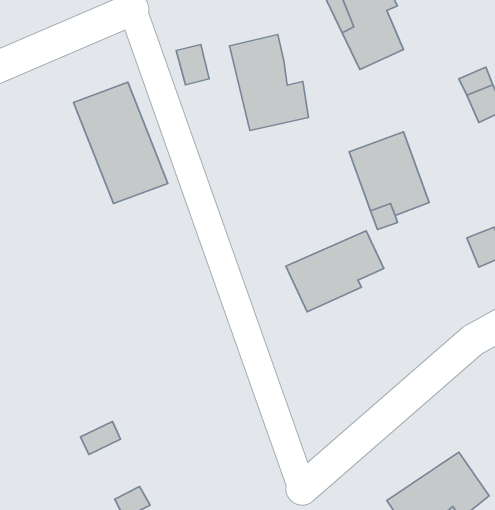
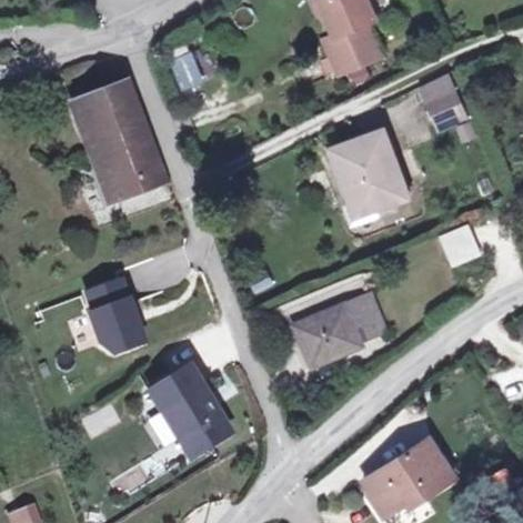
building: [230,34,308,130] -> none
building: [286,231,384,312] -> [294,289,386,365]
building: none -> [84,288,141,360]
building: none -> [145,364,227,455]

